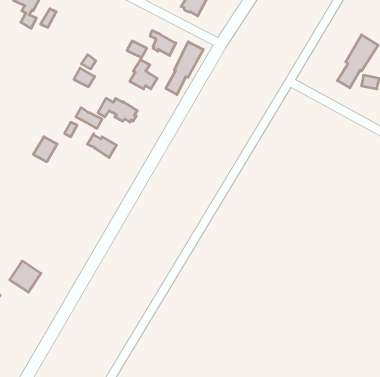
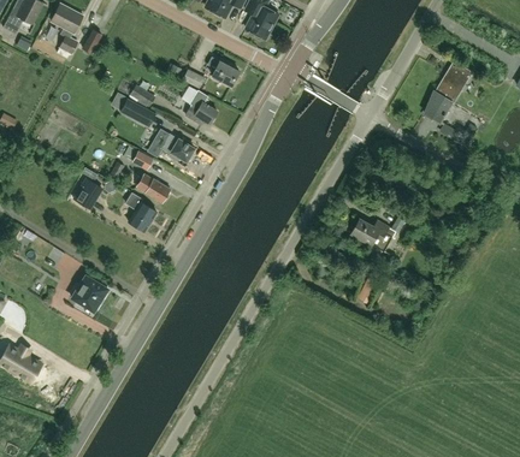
building: [166,42,203,95] -> none
building: none -> [125,192,156,231]
building: none -> [351,219,391,250]
building: [10,261,41,292] -> [71,275,107,311]

